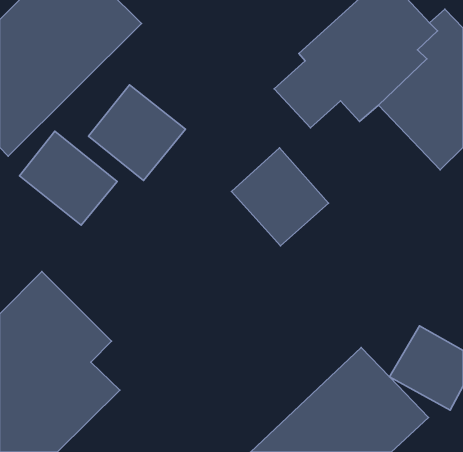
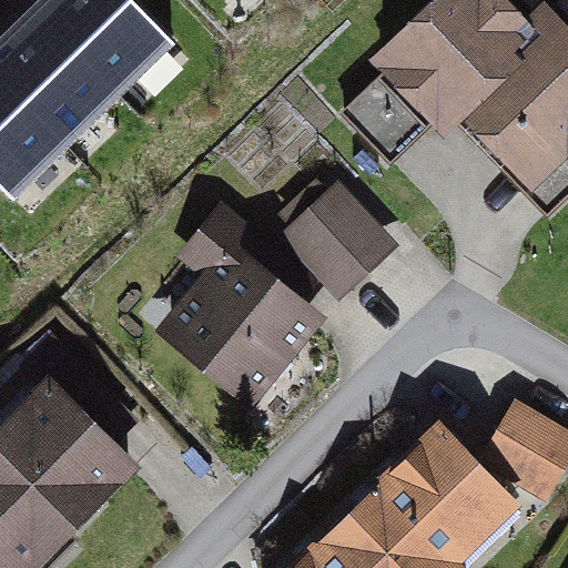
building: [89,85,185,181] -> none
building: [19,131,117,225] -> none
building: none -> [150,202,323,419]

